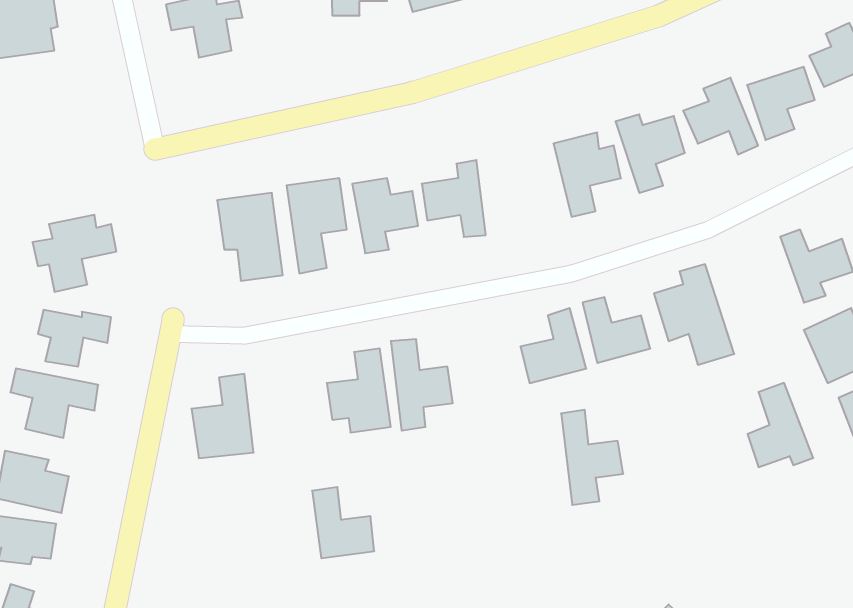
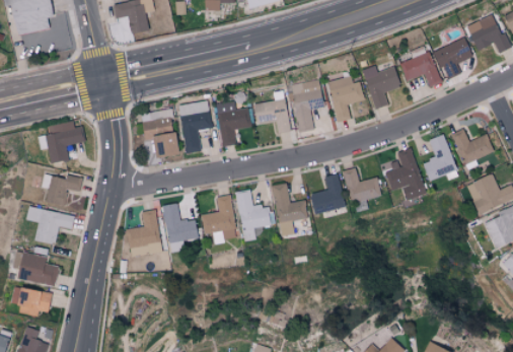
building: none -> [291,79,324,132]
building: [748,383,813,467] -> [424,134,460,181]
building: [561,410,623,505] -> [274,183,308,235]
building: [312,487,374,558] -> [163,203,198,242]

